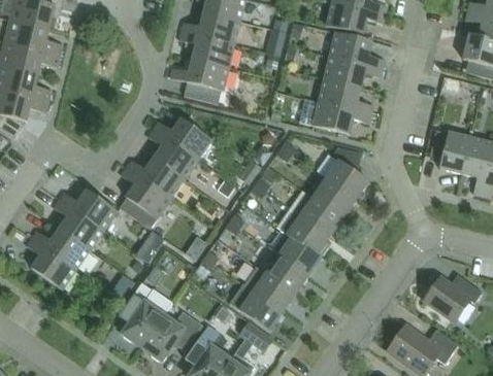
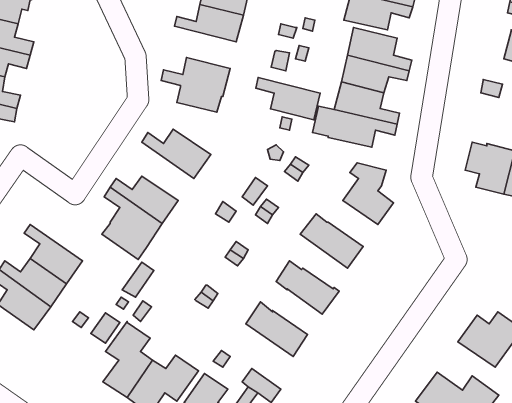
building: [179,30,234,66] -> [256,77,320,120]
building: [149,129,198,178] -> none
building: [313,178,355,217] -> none
building: [59,189,118,230] -> none
building: [275,207,329,253] -> none
building: [265,253,307,293] -> none
building: [229,283,283,331] -> none

